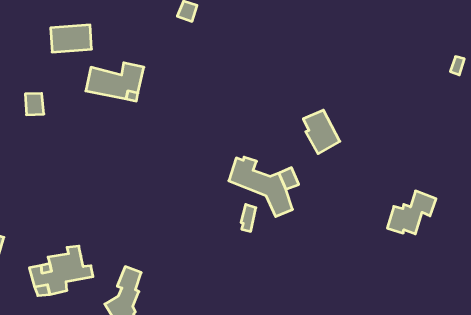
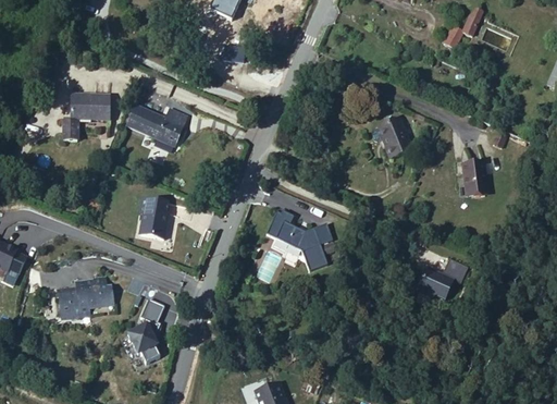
building: [51,25,92,52] -> [71,95,111,120]
building: none -> [456,162,481,196]
building: [303,110,340,154] -> [373,115,407,158]
building: none -> [140,203,172,245]

